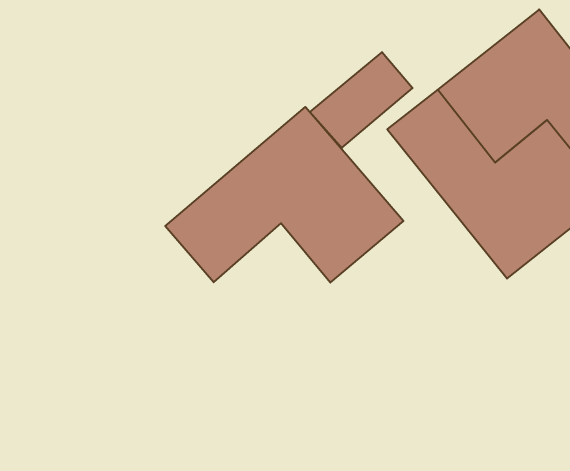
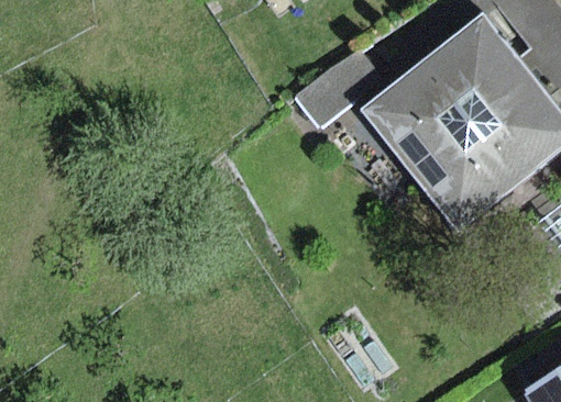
building: [165,107,403,283] -> none

